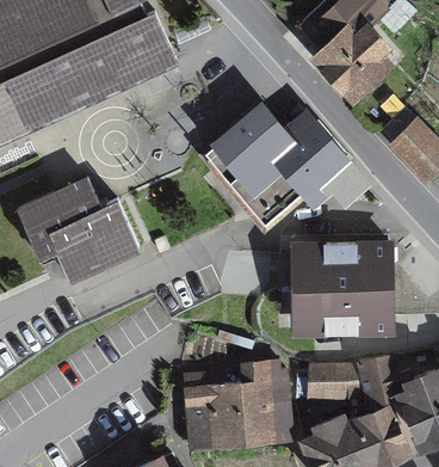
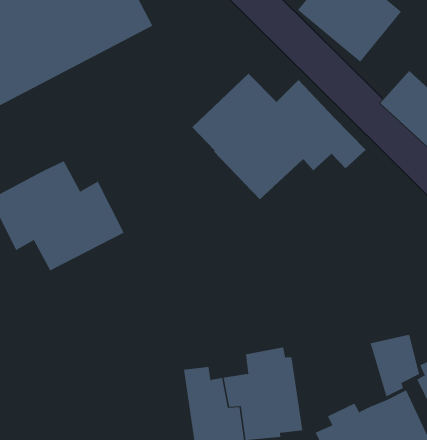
building: [301,244,390,328] -> none
building: [308,364,358,397] -> none

